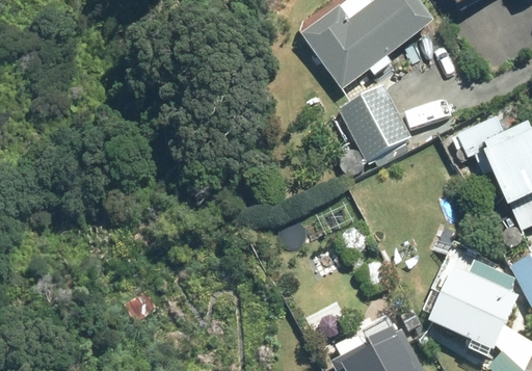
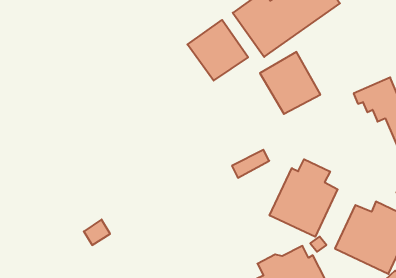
building: none -> [187,20,248,81]
building: none -> [270,159,338,237]

